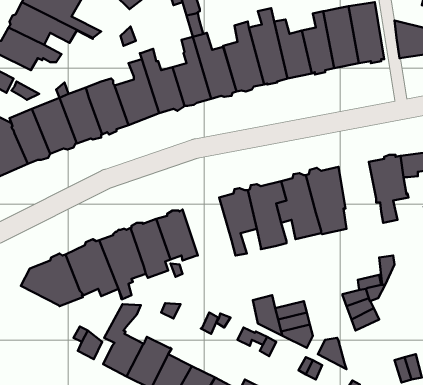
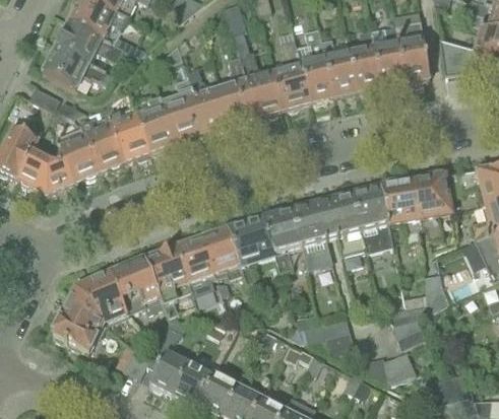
building: none -> [384,181,423,245]
building: none -> [229,216,277,285]
building: none -> [53,304,106,352]
building: none -> [384,349,418,381]

